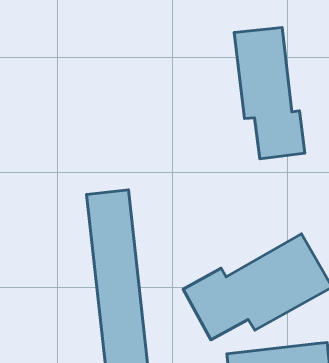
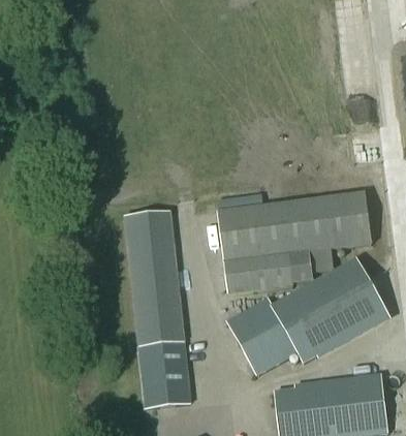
building: [234,27,305,159] -> none
building: none -> [218,192,372,293]

